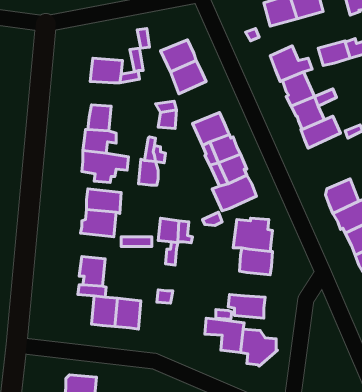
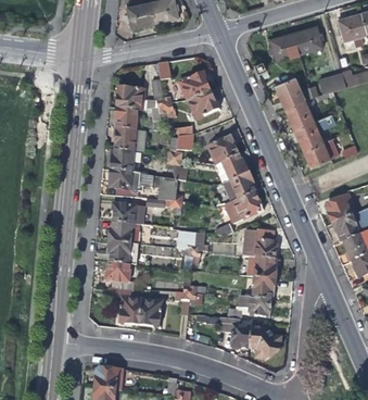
building: none -> [114,108,137,129]
building: none -> [107,241,137,264]
building: none -> [252,276,275,299]

